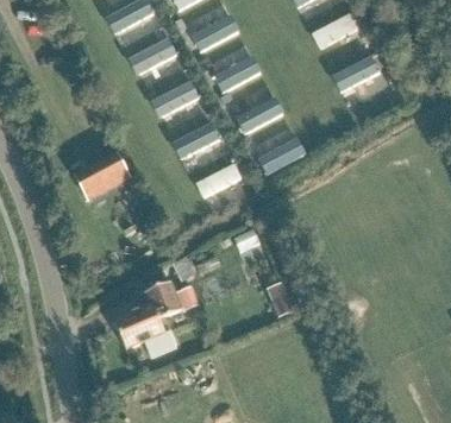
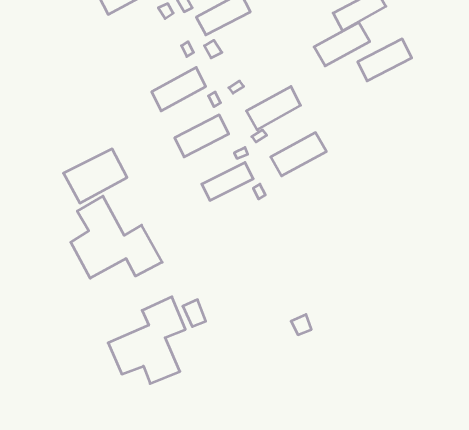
building: [127,37,176,74] -> none
building: [212,55,261,93] -> [314,23,370,66]
building: none -> [71,196,162,278]

